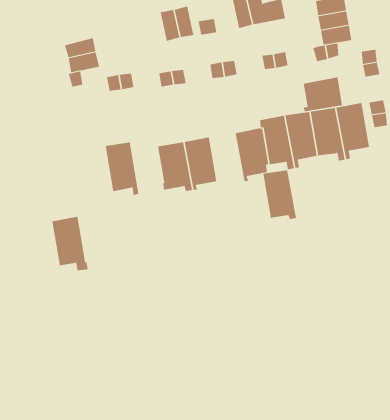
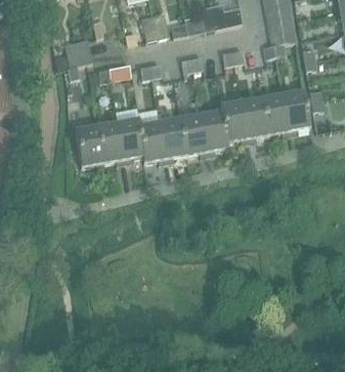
building: [303,77,342,112] -> none
building: none -> [118,117,144,163]
building: [262,170,297,219] -> [181,114,209,154]
building: [51,216,88,271] -> [76,124,105,168]

